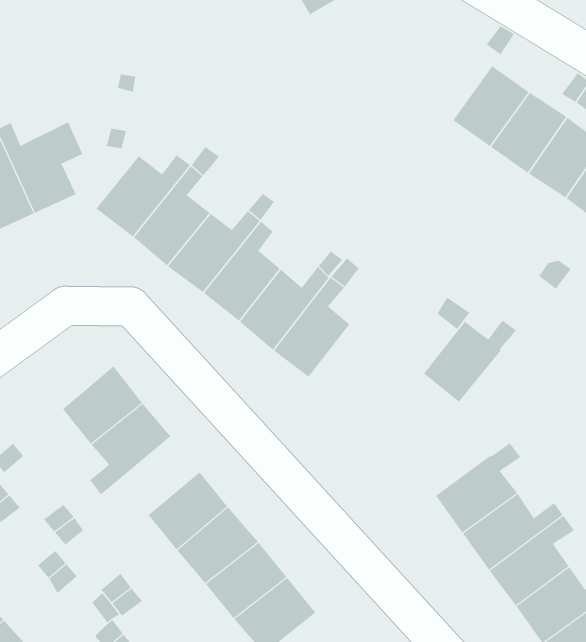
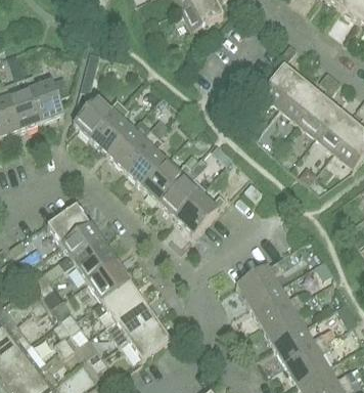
building: [423,320,517,402] -> [176,191,226,233]
building: none -> [74,242,116,281]

